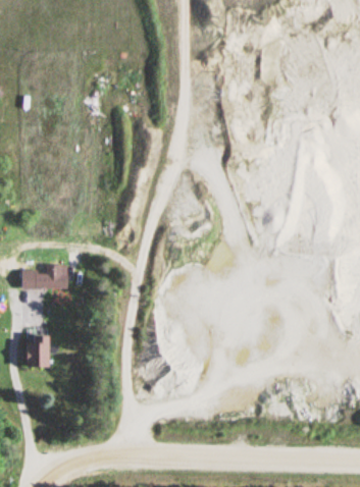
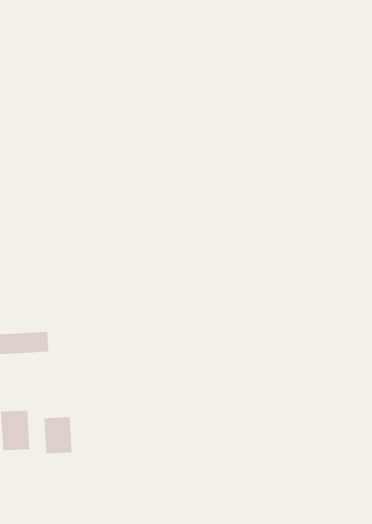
building: none -> [44,417,72,454]

